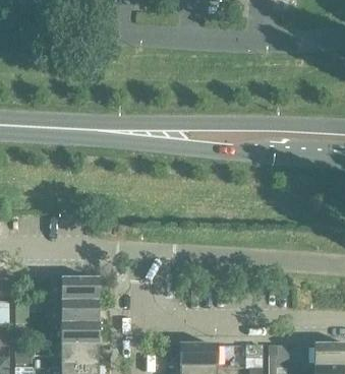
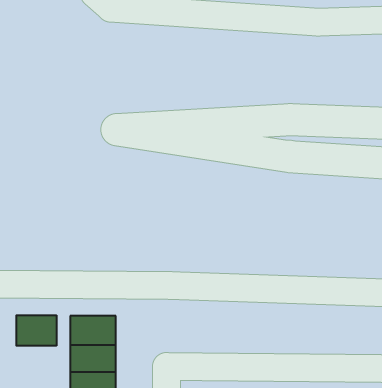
building: none -> [16,315,56,346]

